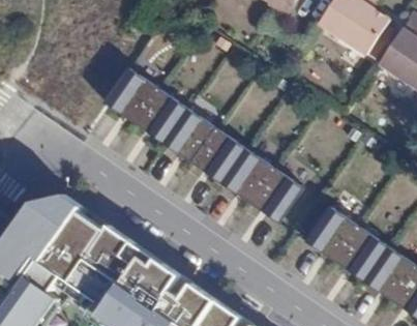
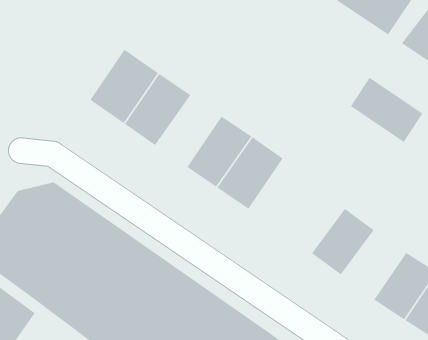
building: none -> [350,77,423,143]
building: [159,105,218,169] -> none
building: [243,161,304,227] -> none
building: [326,226,384,288] -> none

